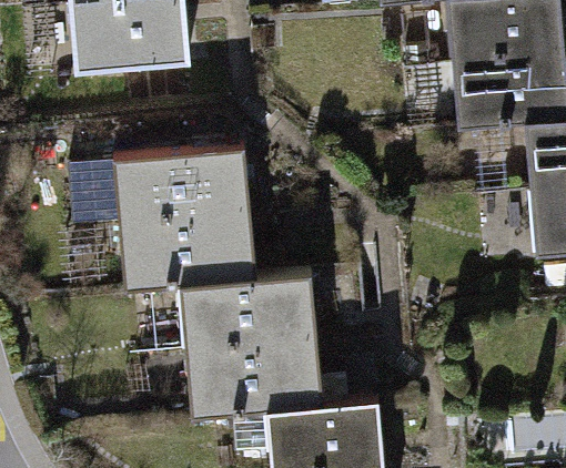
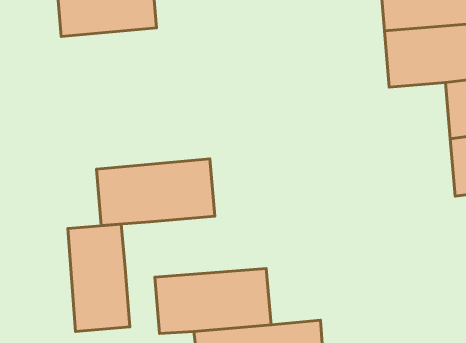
building: [69,145,250,223] -> none
building: [180,273,315,348] -> none
building: none -> [68,224,130,332]

